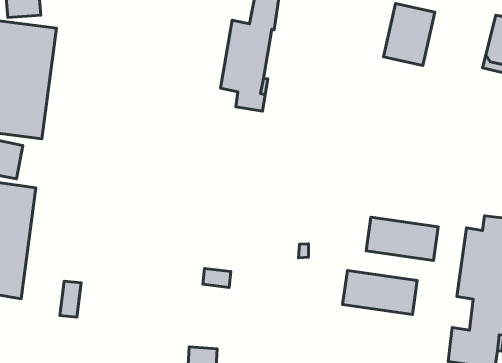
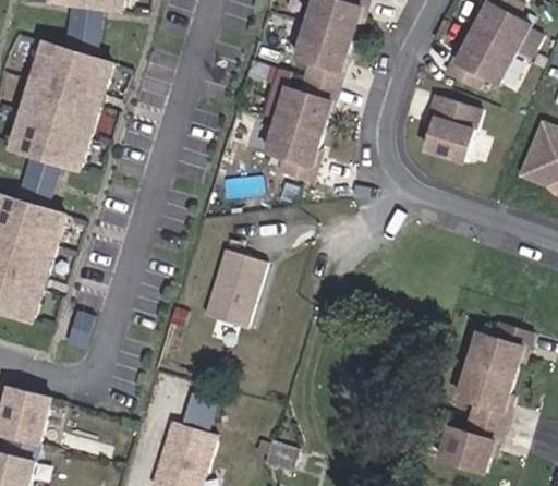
building: none -> [203,247,265,326]
building: [366,217,438,260] -> none
building: [343,271,417,314] -> none

